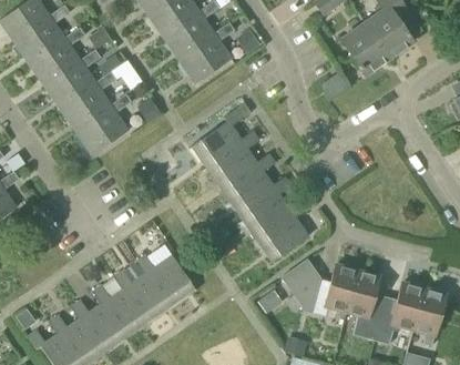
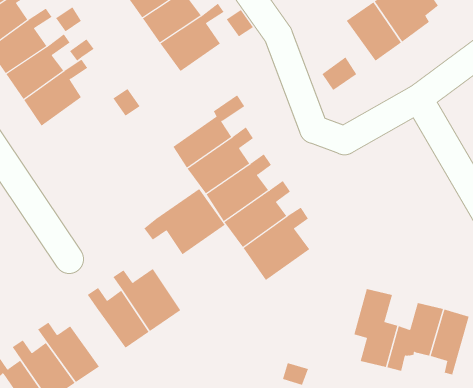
building: [74,93,131,154] -> none
building: none -> [143,188,225,255]
building: [283,260,357,316] -> none
building: [92,285,147,338] -> none

